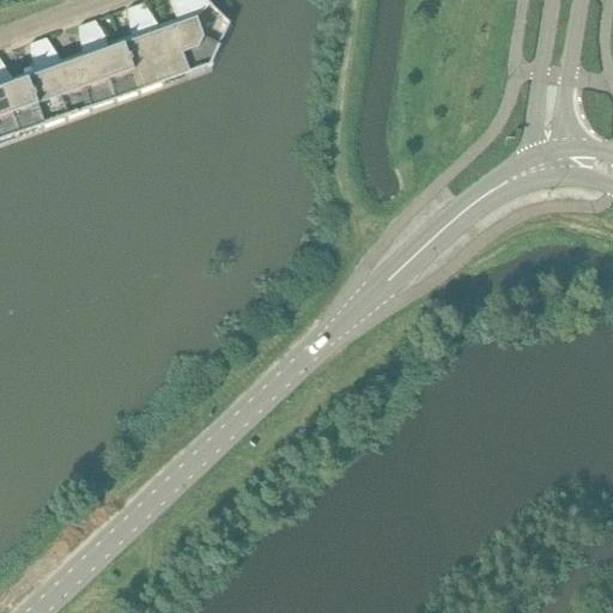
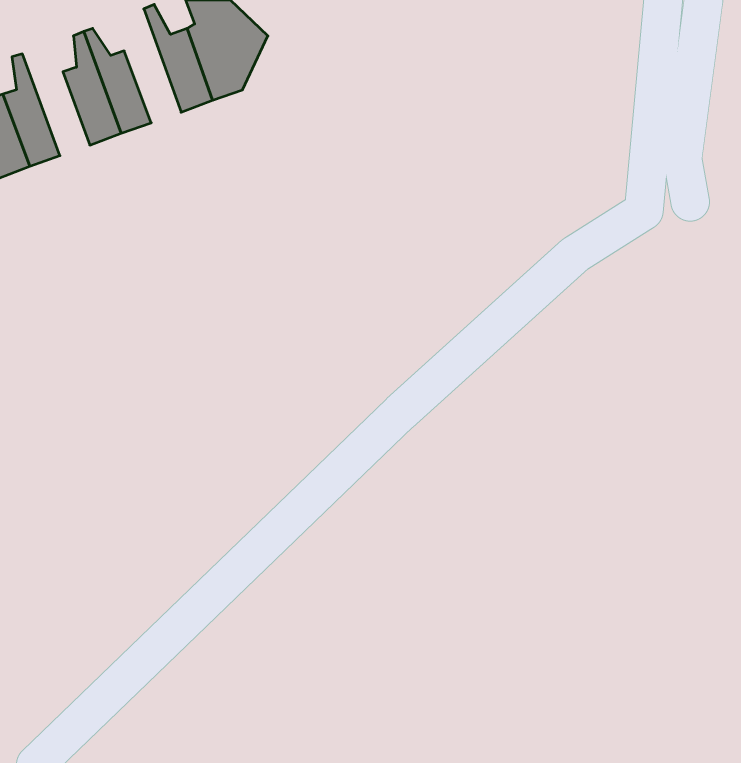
building: [99,8,145,99] -> none
building: [18,41,72,126] -> none

